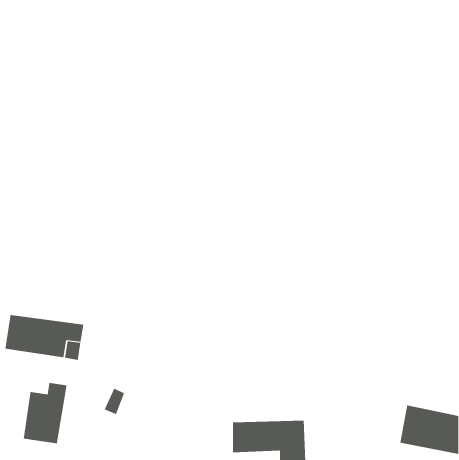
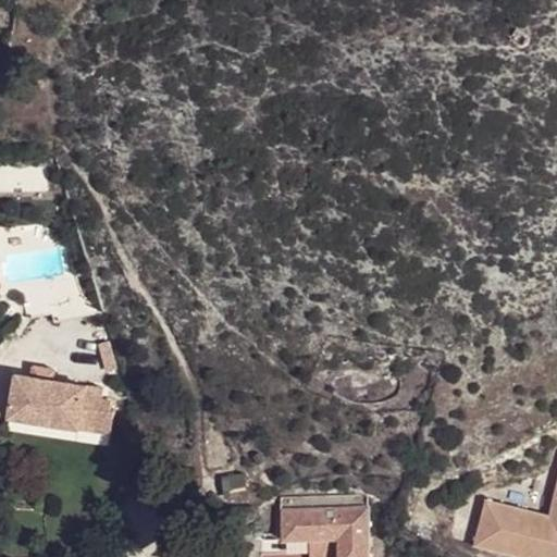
building: [23,382,67,444] -> none

